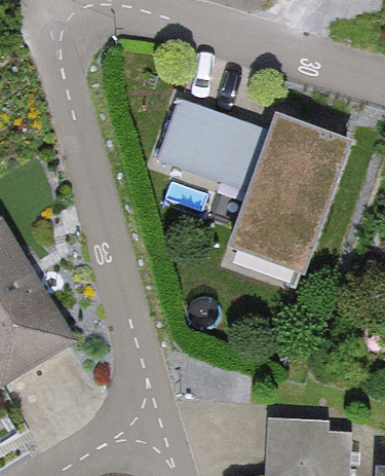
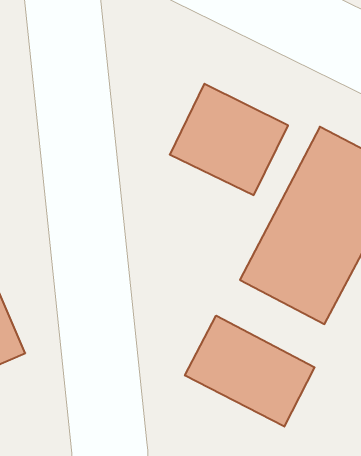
building: none -> [185,316,315,427]

